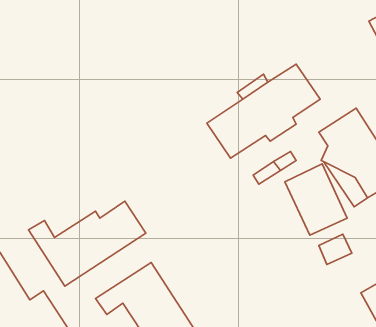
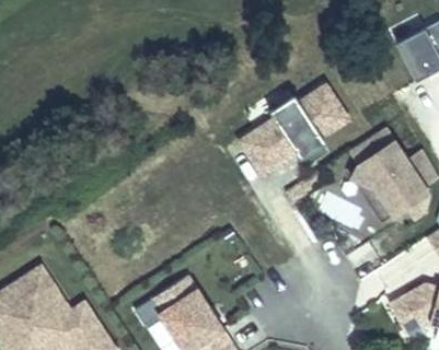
building: [28,201,146,286] -> none

